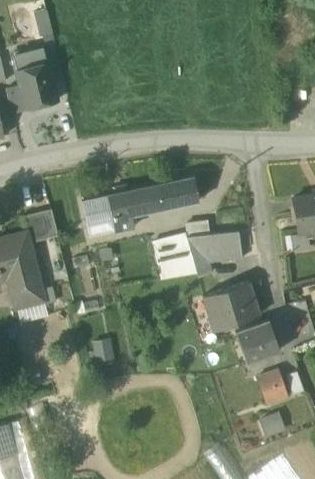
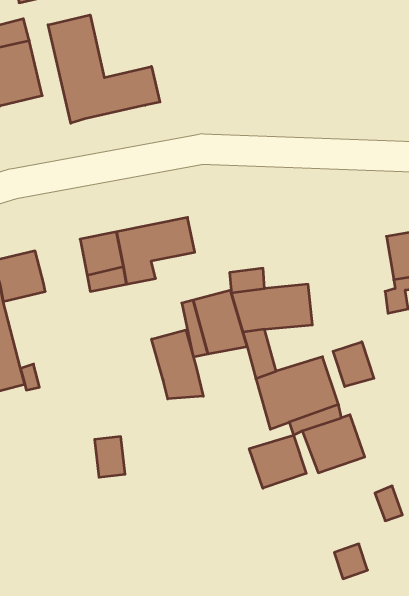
building: none -> [48,15,160,123]
building: [157,177,200,209] -> none
building: none -> [152,330,203,399]
building: none -> [333,342,374,387]
building: none -> [249,435,306,488]
building: [257,369,289,404] -> none

